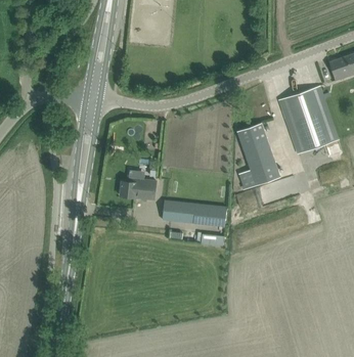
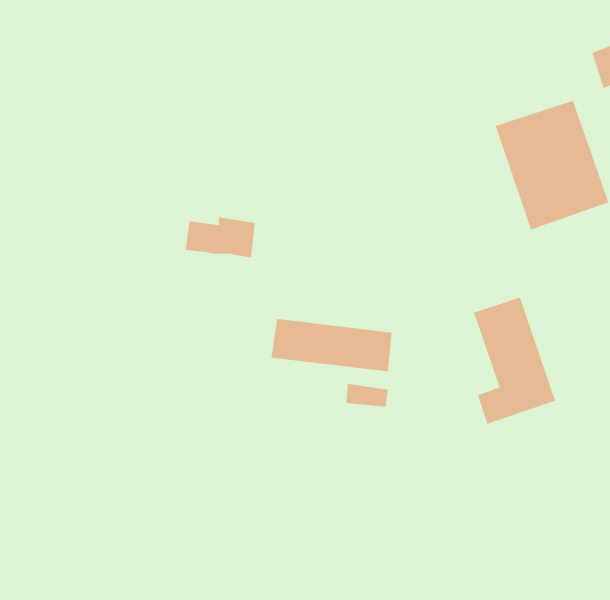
building: [236,123,279,189] -> [473,297,556,425]
building: [119,178,156,199] -> [185,217,256,258]

